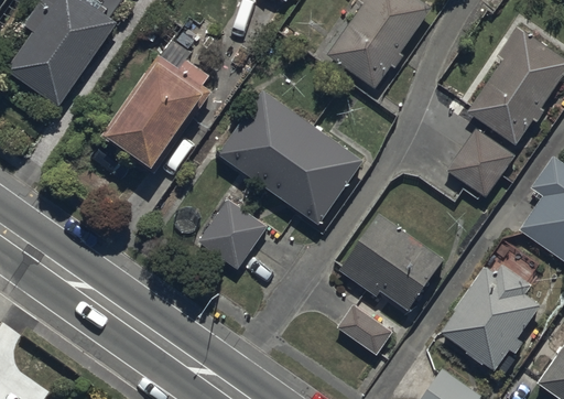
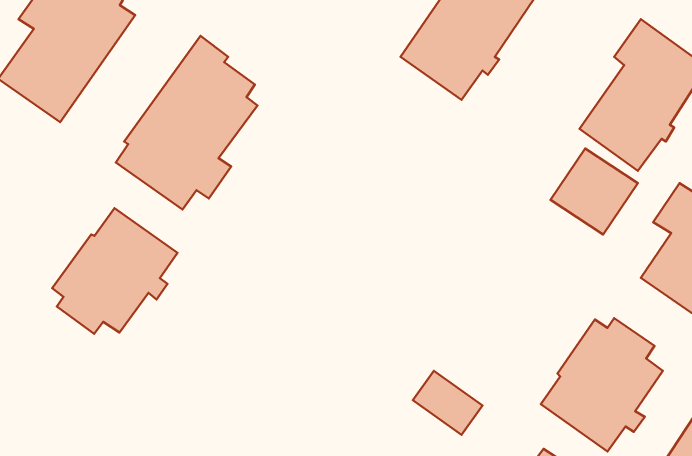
building: [219,89,366,226] -> none
building: none -> [52,208,178,334]
building: [198,198,268,269] -> none
building: [338,208,442,304] -> none

